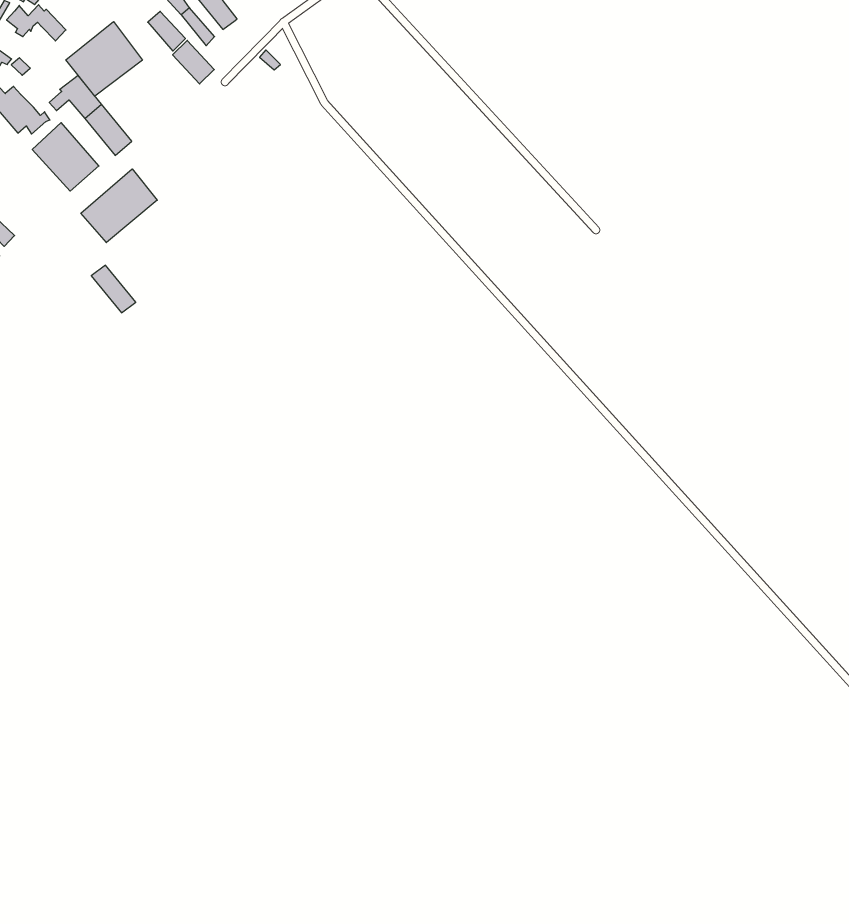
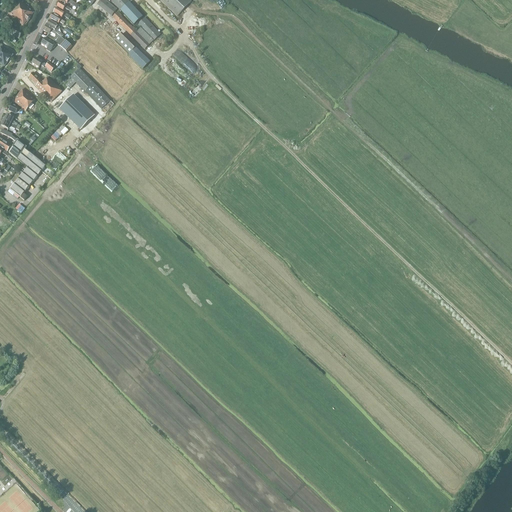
building: [66,22,142,96] -> none
building: [81,169,157,243] -> none

